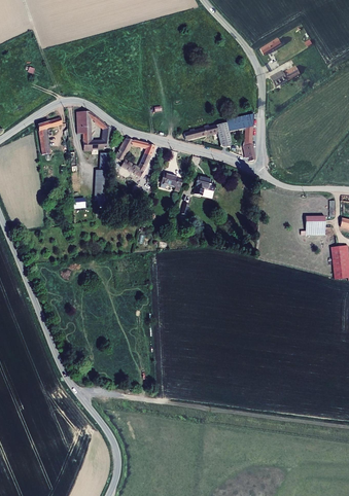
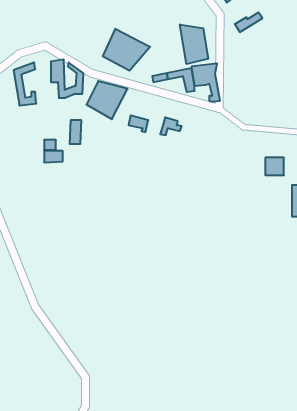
building: none -> [180,24,208,64]
building: none -> [103,29,150,71]

